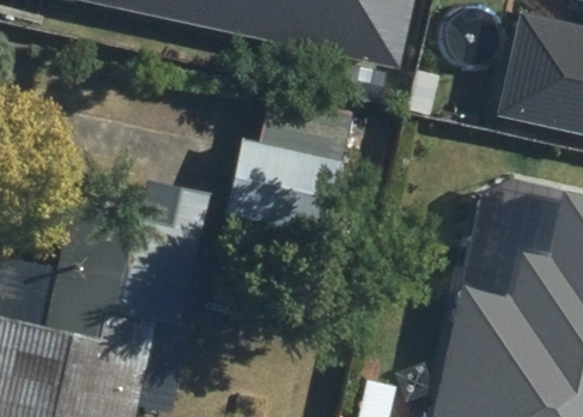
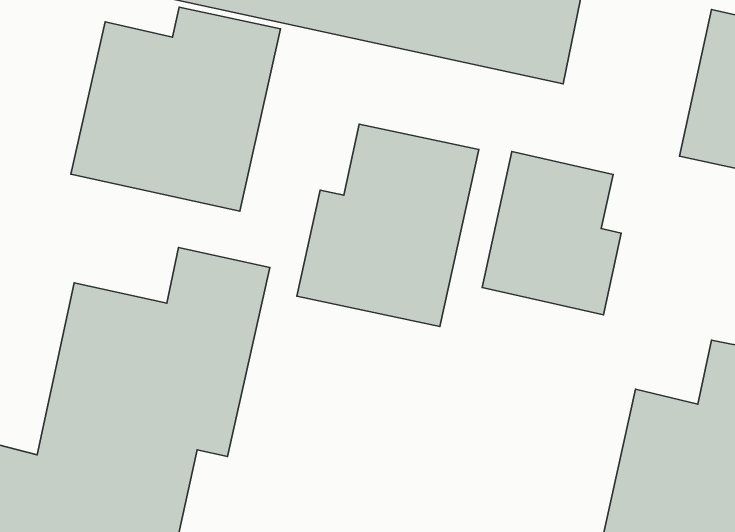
building: none -> [71,7,281,211]
building: none -> [482,152,621,315]

